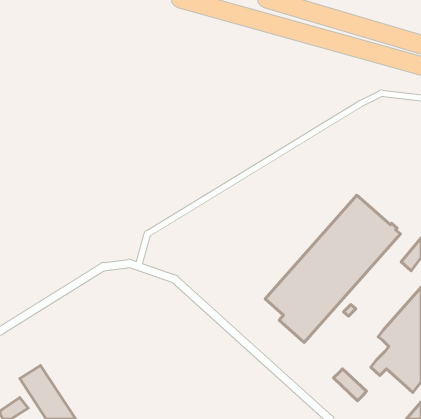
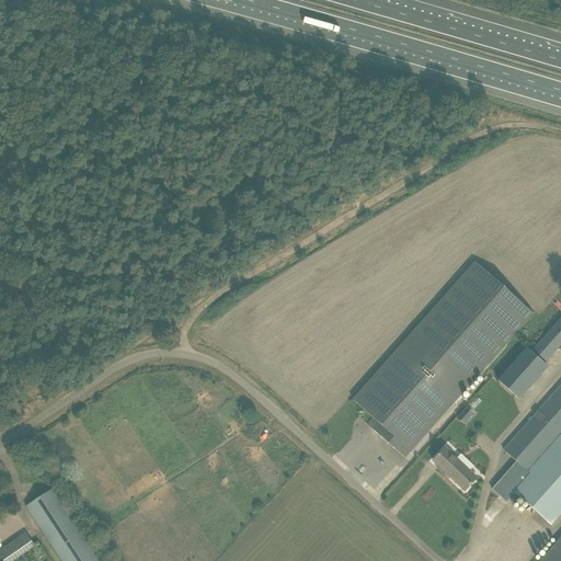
building: none -> [497,345,548,398]
building: [334,369,367,401] -> [433,446,477,489]

